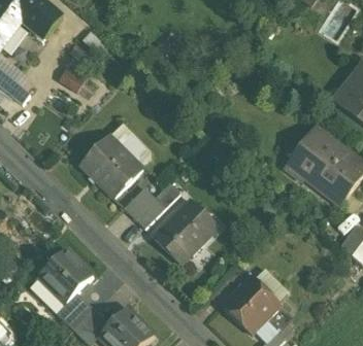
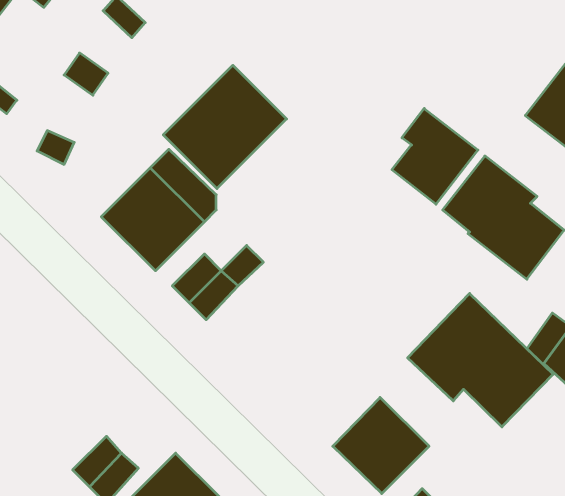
building: none -> [163,65,287,189]
building: none -> [392,108,478,204]
building: [153,200,217,264] -> none
building: none -> [408,293,553,427]
building: [37,249,92,303] -> none

